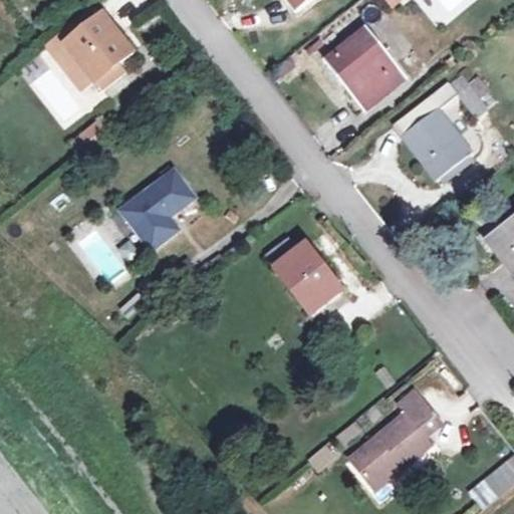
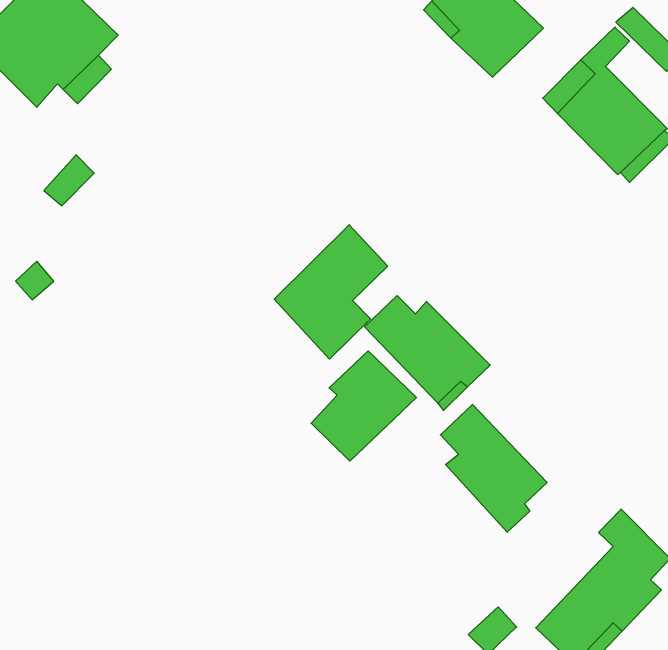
building: [120,168,195,251] -> [274,225,388,359]
building: none -> [311,351,416,461]
building: none -> [440,404,547,532]

